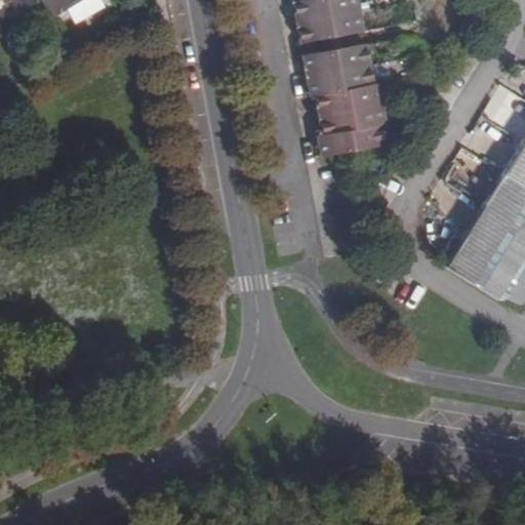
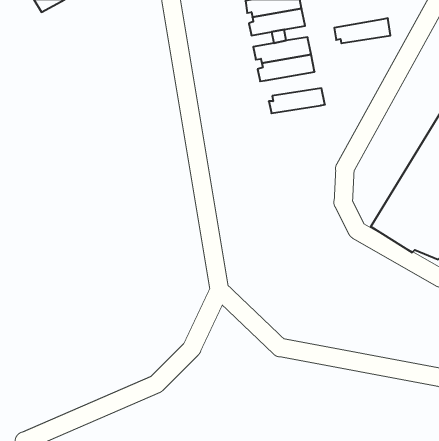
building: [318,84,385,114] -> [334,18,390,43]
building: [320,125,388,157] -> none

